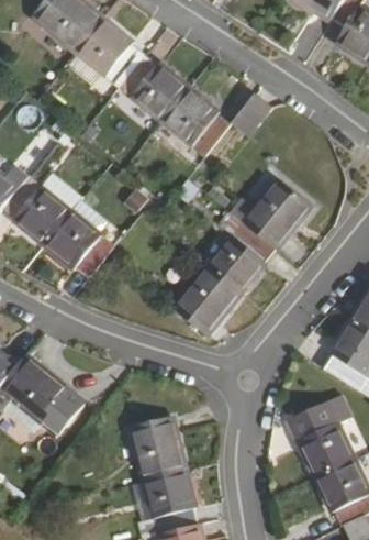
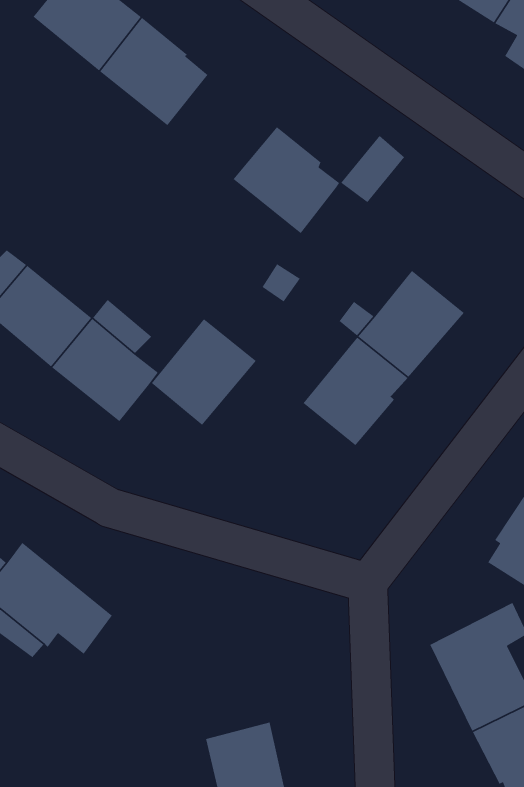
building: [119,54,189,121] -> none
building: [171,265,239,334] -> [151,318,257,426]
building: [130,417,185,481] -> none

